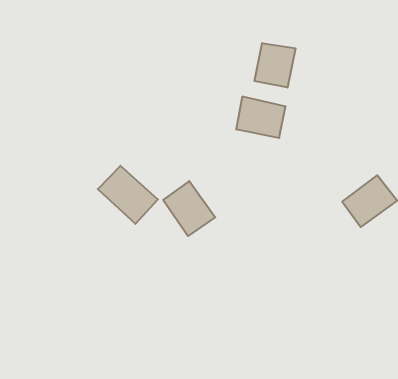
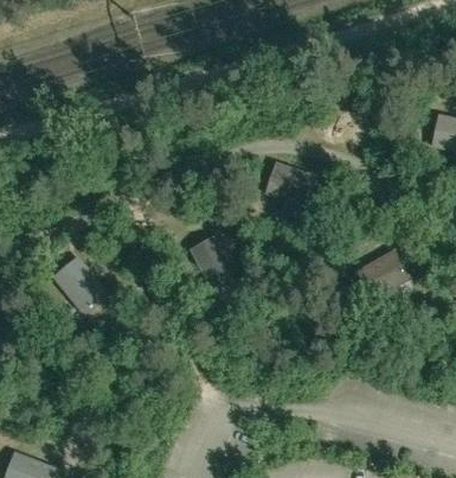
building: [255,43,295,88] -> none
building: [98,166,158,224] -> [53,257,108,313]

